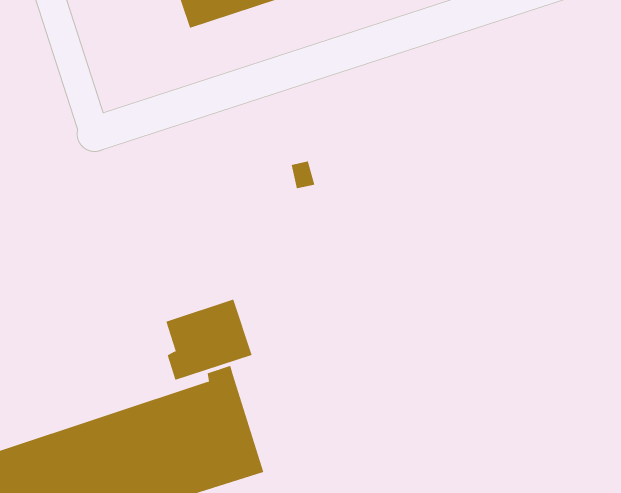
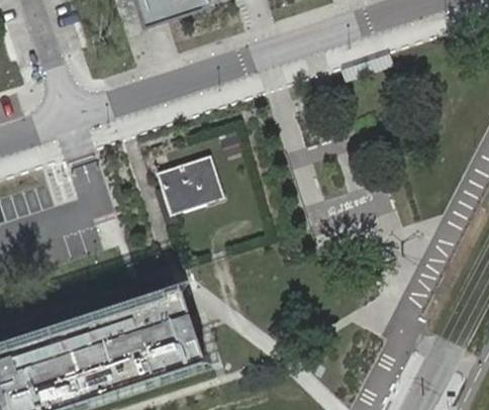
building: [166,299,252,380] -> [157,148,222,210]

